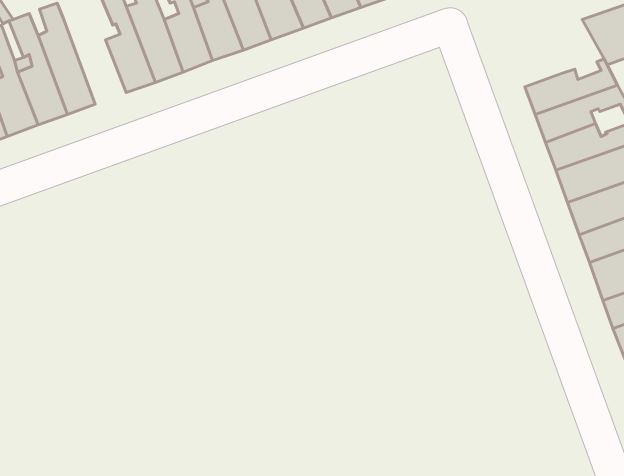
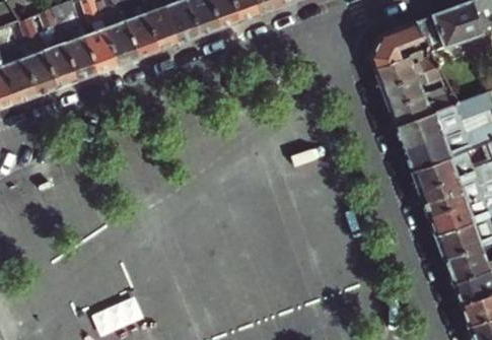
building: none -> [56,13,99,81]
building: none -> [371,22,430,69]

